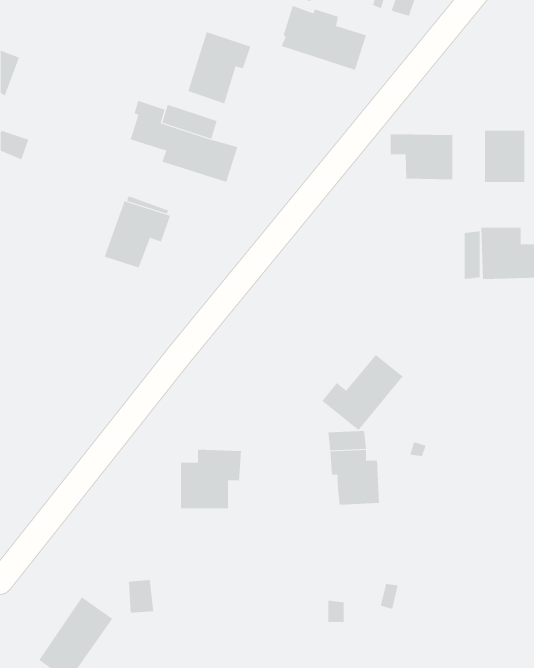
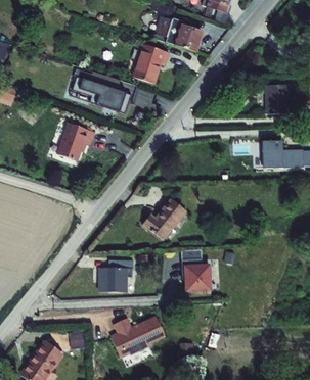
building: [188,31,251,104] -> [133,44,168,84]
building: [390,133,453,180] -> none
building: [322,354,404,431] -> [141,198,186,240]
building: none -> [110,316,165,357]

